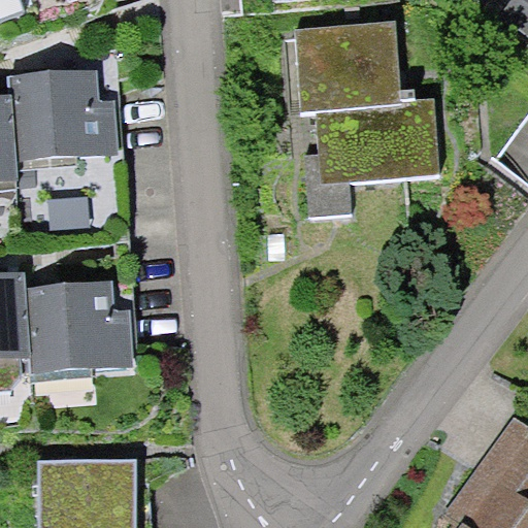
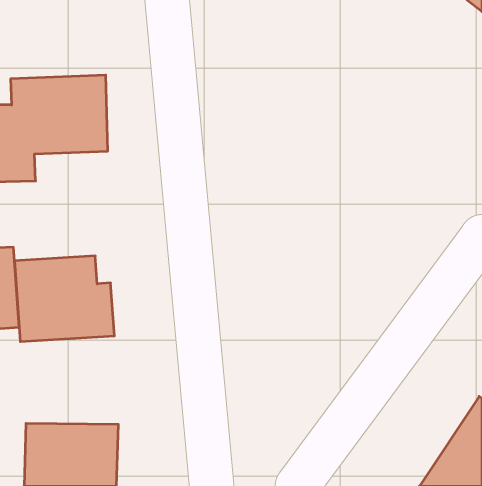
building: [304,36,448,196] -> none

